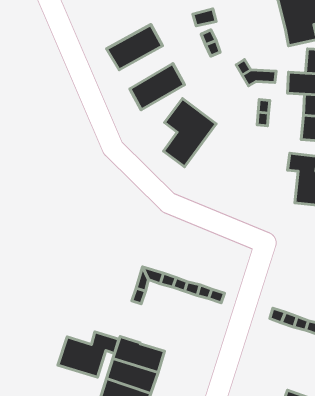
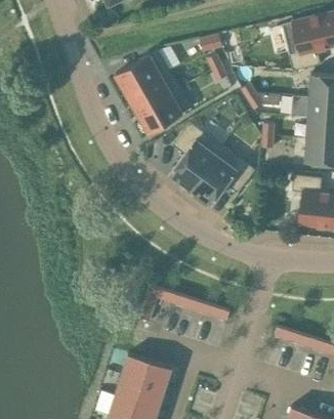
building: none -> [127,71,179,113]
building: none -> [191,146,254,204]
building: [58,332,119,377] -> none

